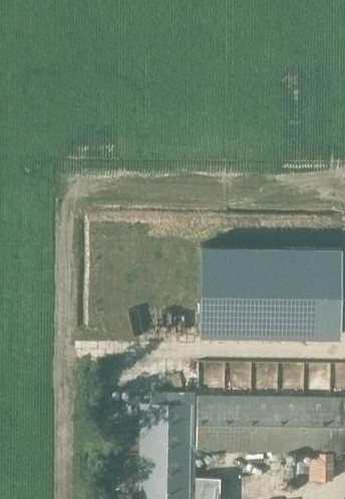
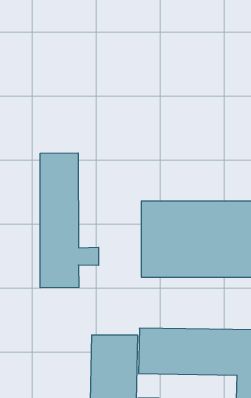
building: none -> [40,153,99,288]

